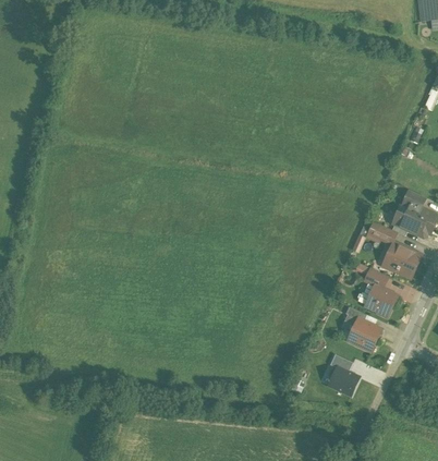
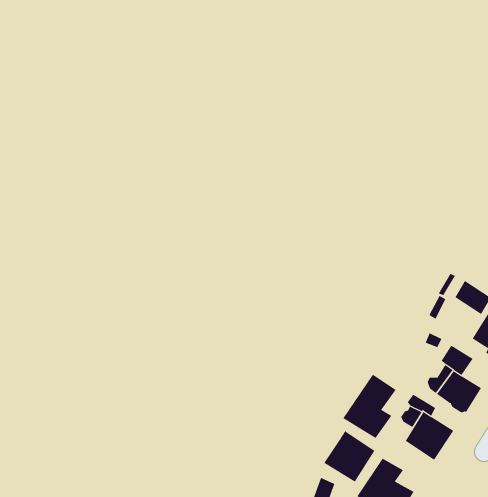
building: none -> [342,374,397,439]
building: none -> [324,430,375,483]

